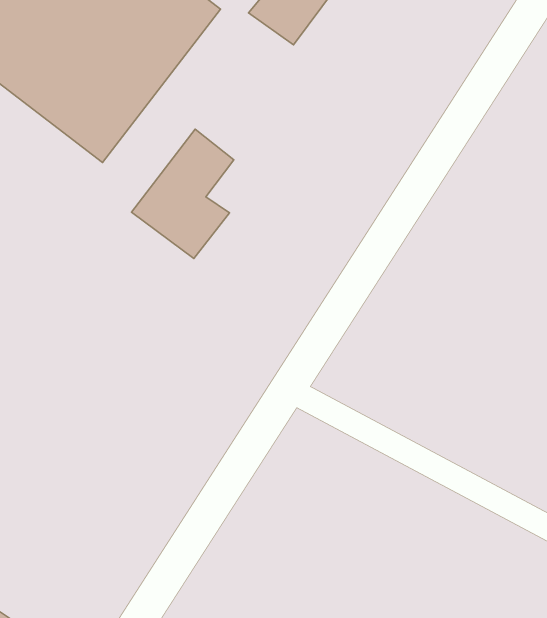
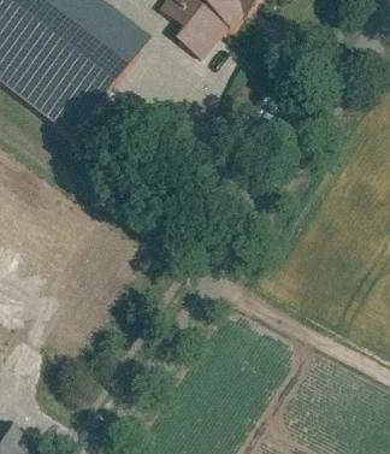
building: [132,129,234,259] -> none

